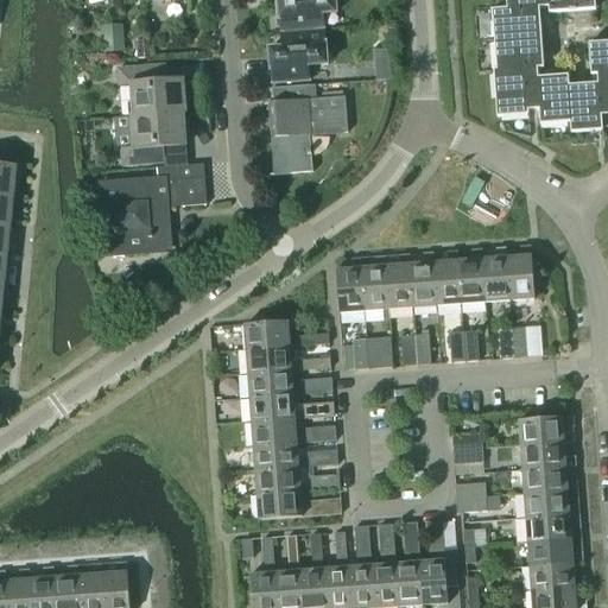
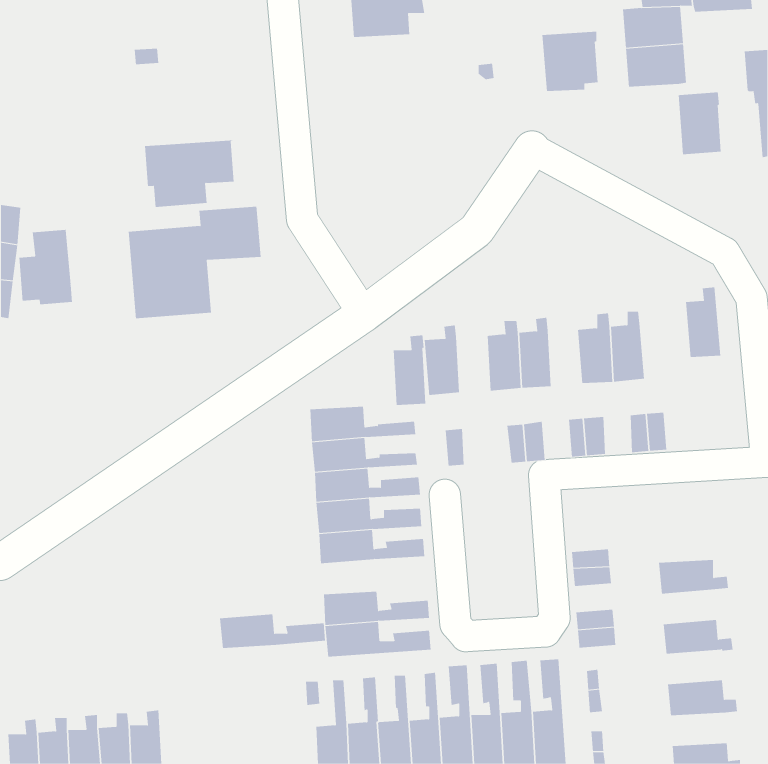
building: [268,27,327,81] -> none
building: [118,64,185,114] -> none
building: [493,66,538,114] -> [542,31,599,91]
building: [568,82,602,131] -> none
building: [270,83,347,172] -> none
building: none -> [19,226,73,305]
building: [506,243,534,299] -> [685,287,721,358]
building: [433,249,460,305] -> none
building: [361,254,387,310] -> [393,335,426,405]
building: [366,336,393,367] -> none
building: [518,416,574,444] -> none
building: [253,442,337,469] -> [219,614,326,648]
building: [522,466,577,493] -> none
building: [526,513,582,540] -> none
building: [530,563,584,589] -> none

